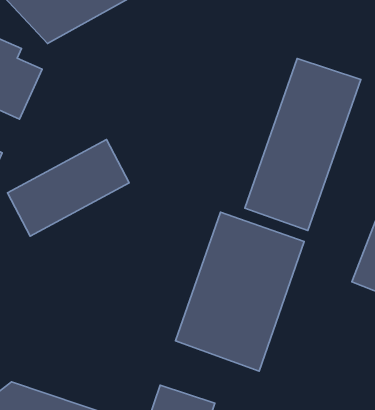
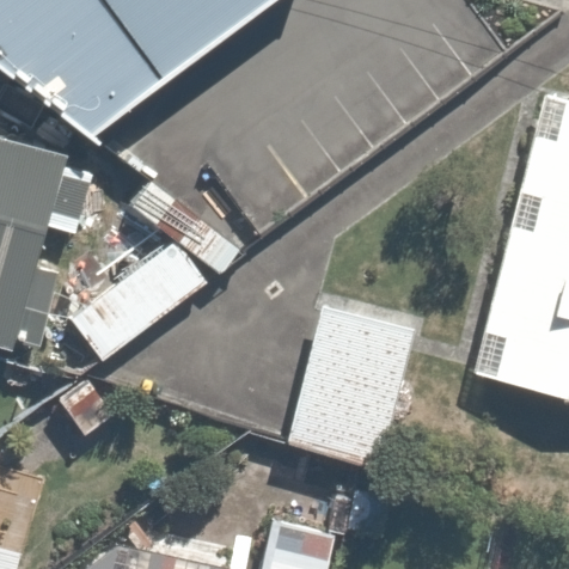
building: [245,59,361,230] -> none

